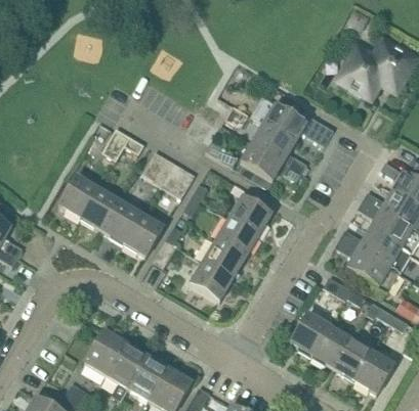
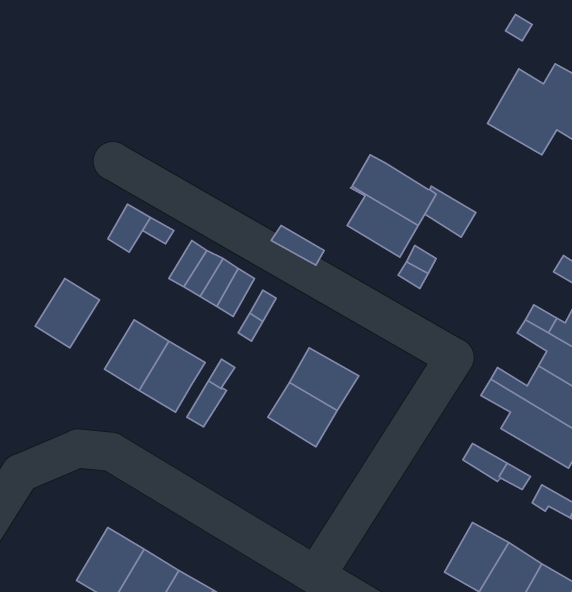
building: [240,141,285,180] -> none
building: [80,187,120,230] -> none
building: [228,194,273,234] -> none
building: [190,260,233,300] -> none
building: [290,312,330,356] -> none

